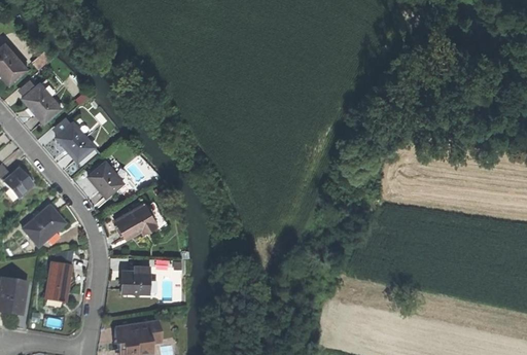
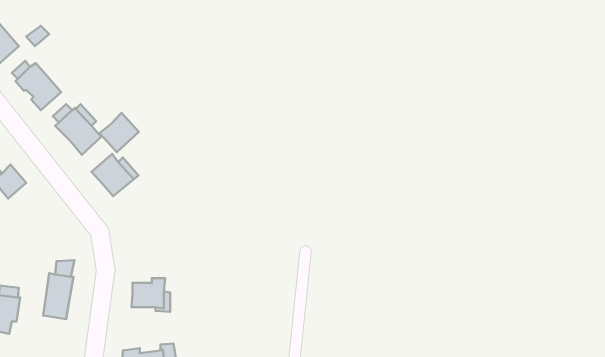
building: none -> [99,113,139,152]
building: [115,203,157,239] -> none
building: [23,207,64,247] -> none

